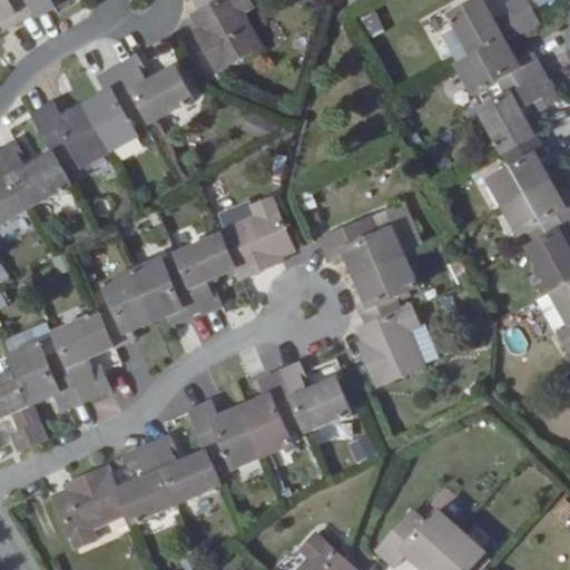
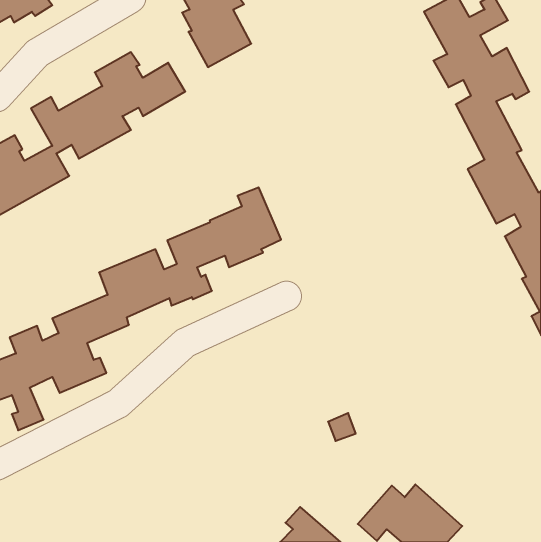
building: [320,215,423,386] -> none
building: [51,360,350,547] -> none

